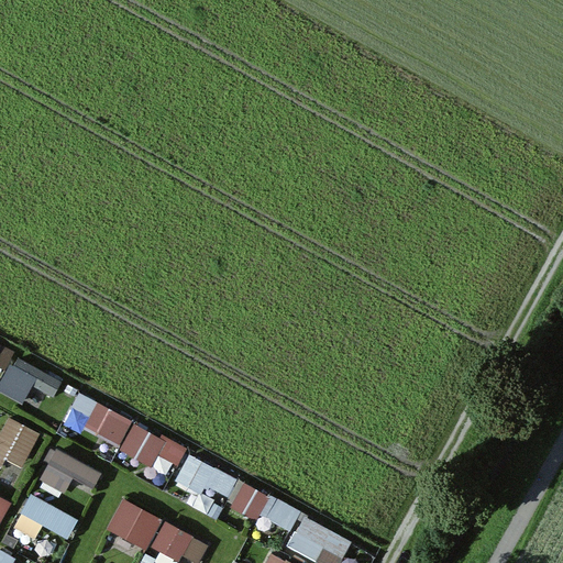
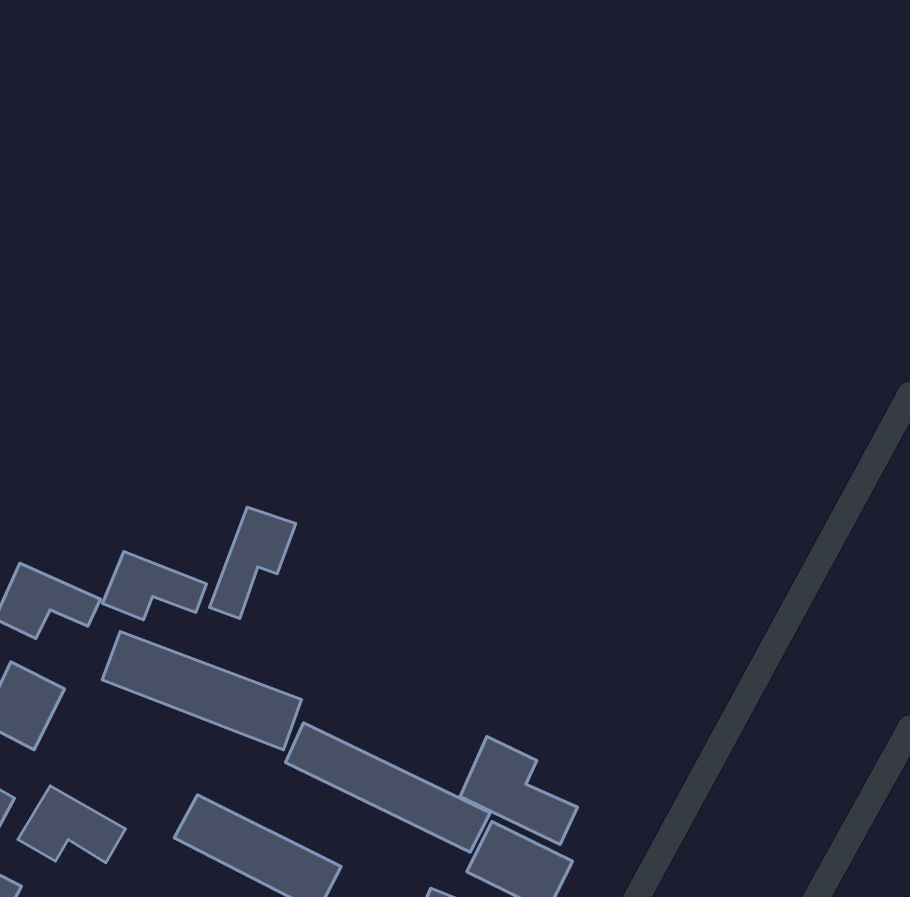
building: none -> [209,507,296,618]
building: [38,451,102,493] -> [102,551,206,620]
building: none -> [460,737,578,845]

